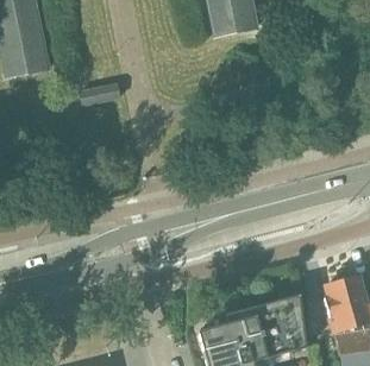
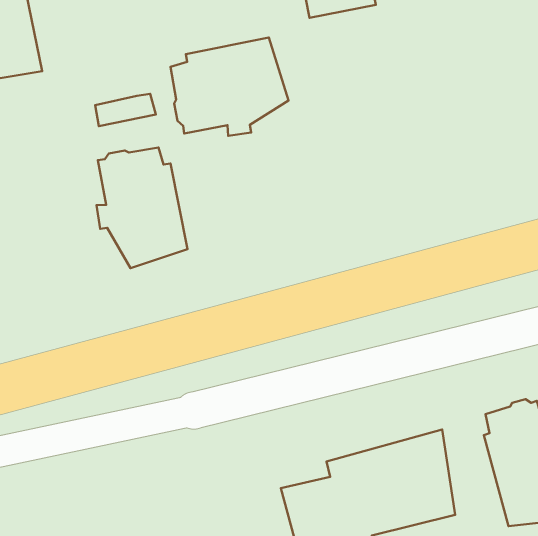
building: none -> [170,38,289,136]
building: none -> [96,147,187,268]

